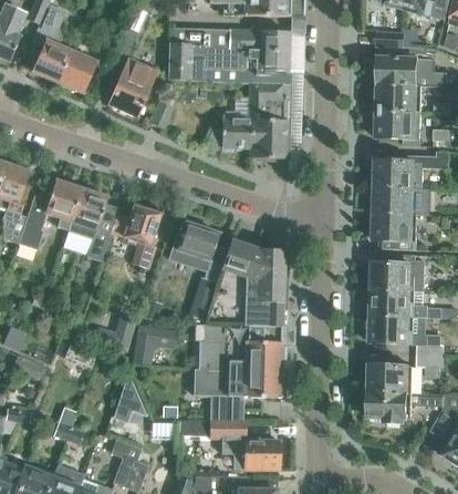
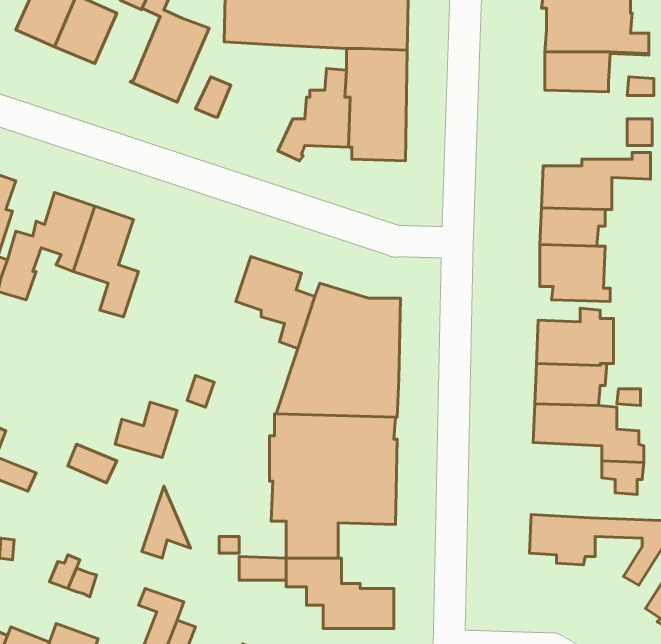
building: [377,111,420,138] -> none
building: [111,204,159,268] -> none
building: [134,325,175,364] -> none
building: [369,366,413,393] -> none

